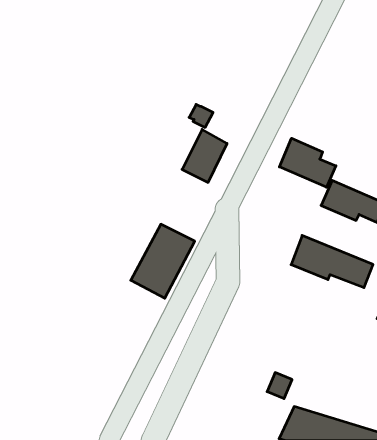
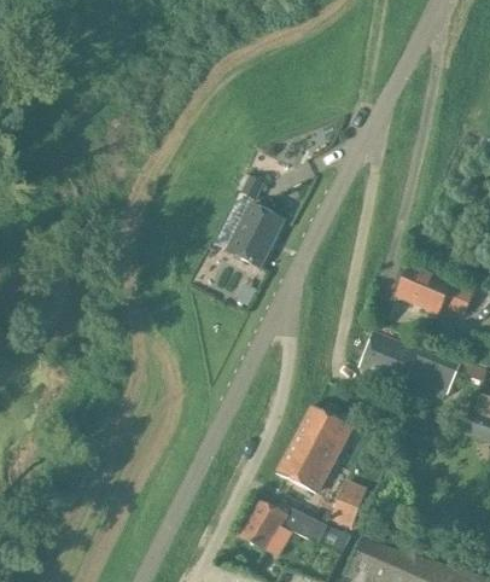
building: [279,138,336,187] -> none
building: [131,224,195,298] -> [275,406,352,495]
building: none -> [239,500,348,557]

